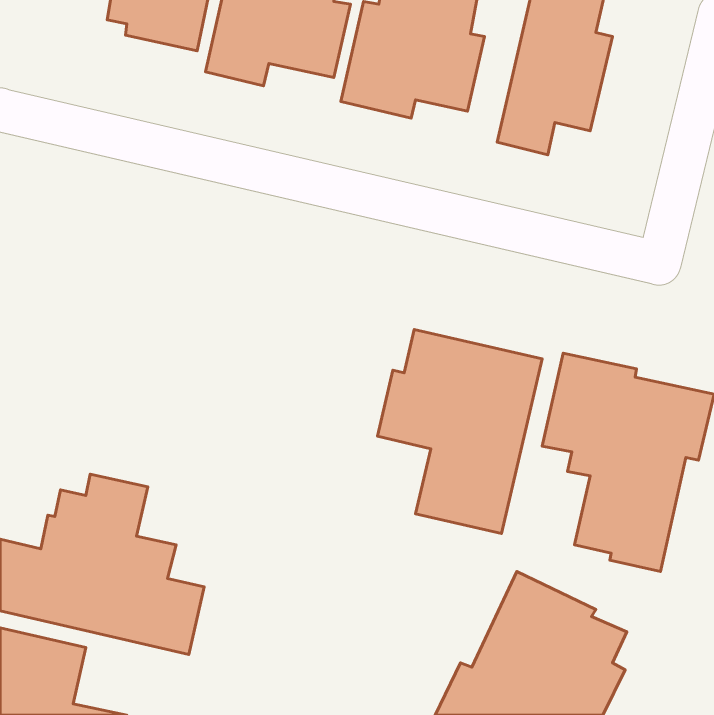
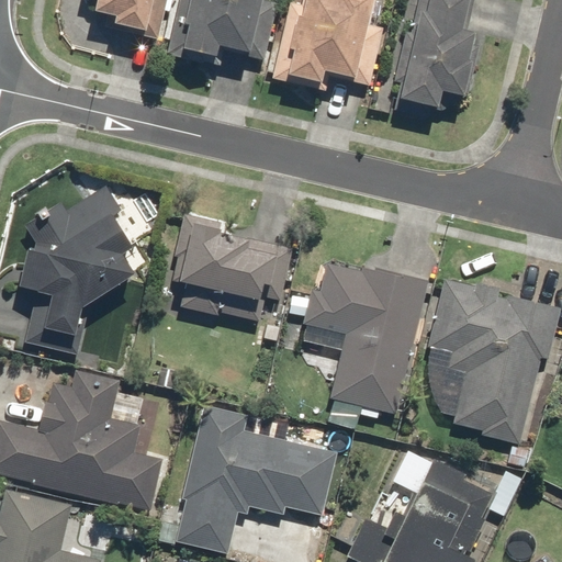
building: none -> [12,184,140,355]
building: none -> [167,214,293,327]
building: none -> [173,404,337,553]

